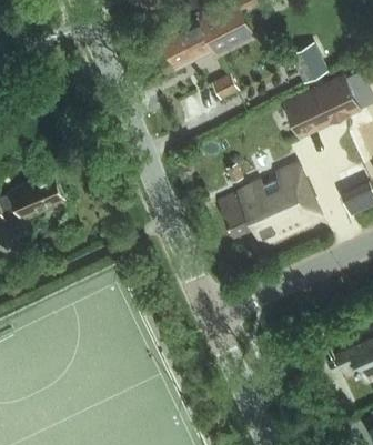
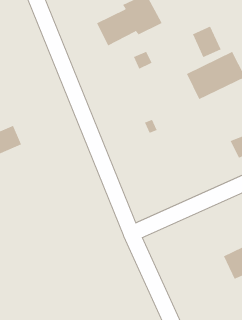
building: [219,165,324,245] -> none

